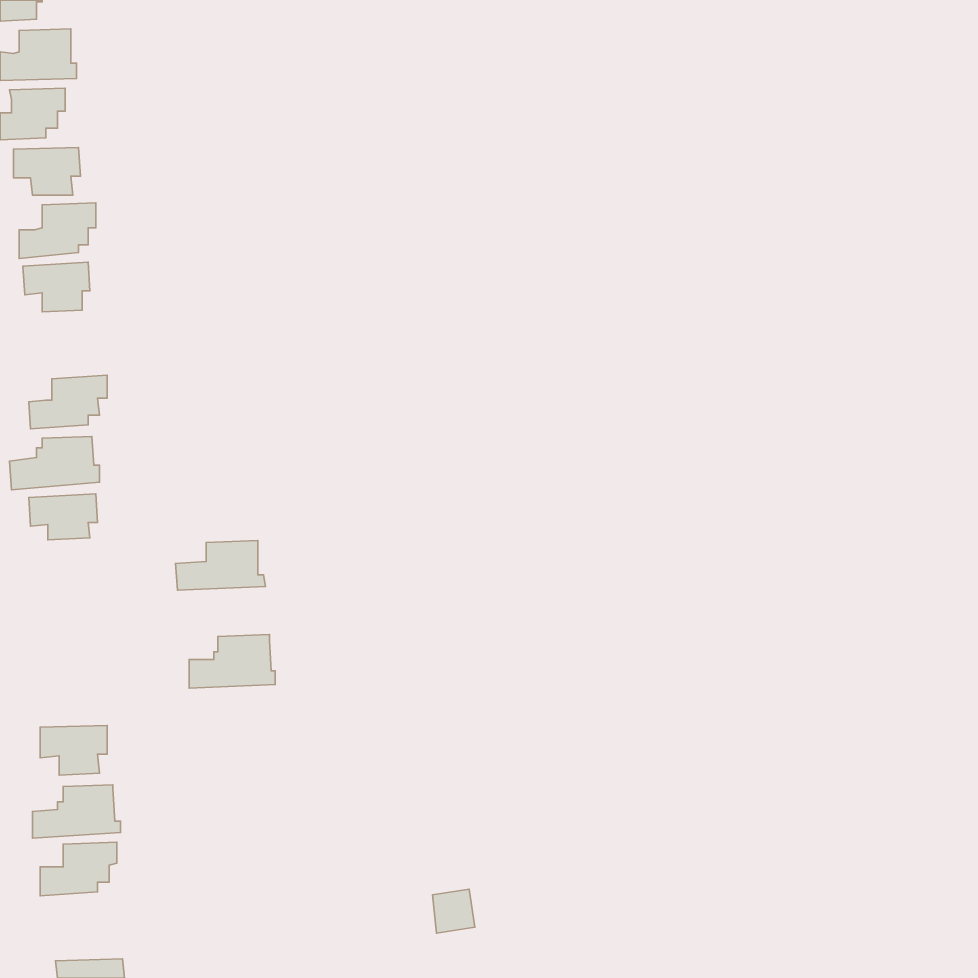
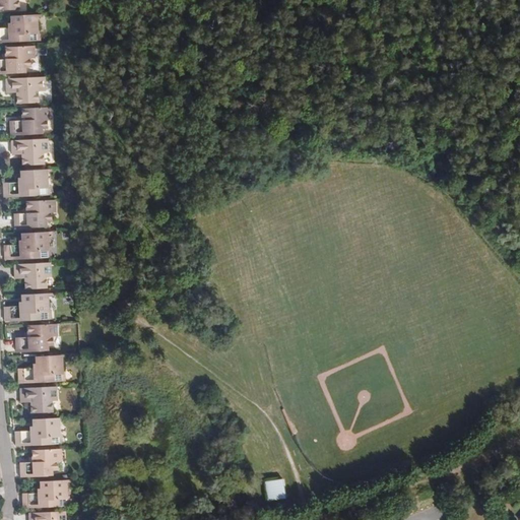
building: none -> [4,170,51,197]
building: [176,541,265,590] -> [5,292,53,319]
building: none -> [16,323,57,351]
building: [189,635,275,688] -> [20,353,66,382]
building: [433,889,475,933] -> [265,477,287,501]
building: none -> [23,478,71,507]

